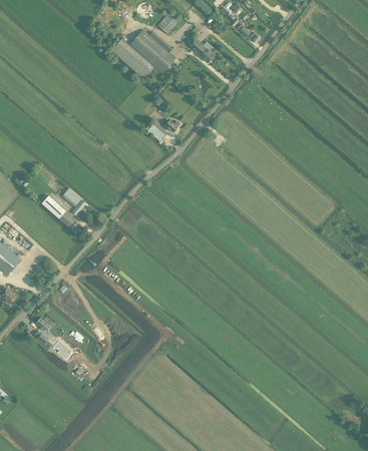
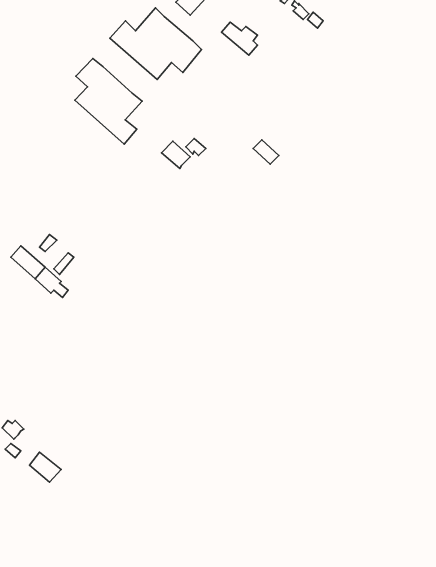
building: none -> [75,58,142,144]

